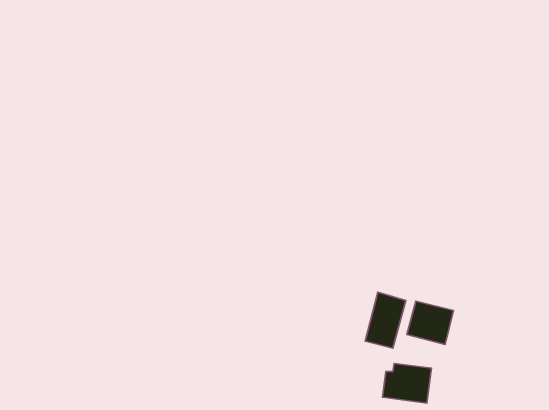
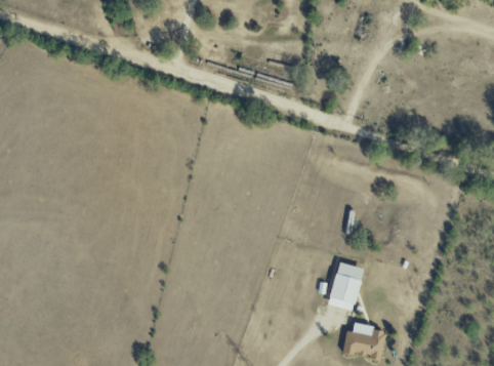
building: [407,301,453,344] -> none

